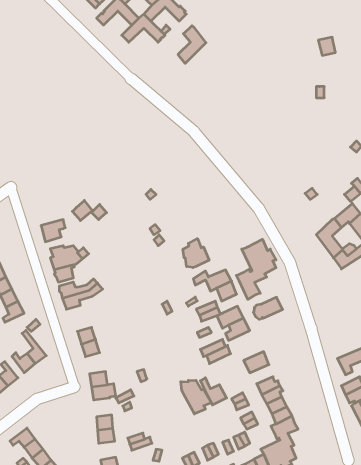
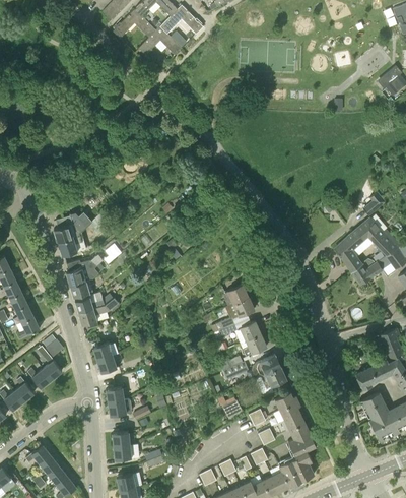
building: [178,26,206,63] -> none
building: none -> [54,214,86,240]
building: [183,239,209,268] -> none
building: [236,239,276,299] -> none
building: [253,297,283,319] -> [252,355,281,377]
building: [181,380,211,414] -> none

